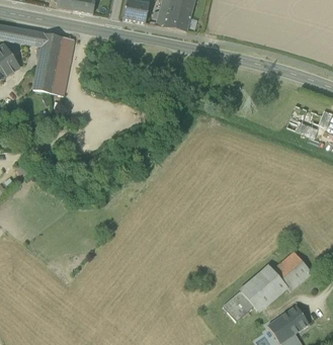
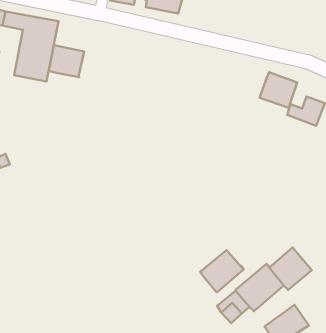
building: none -> [49,45,84,77]
building: none -> [260,72,297,108]
building: none -> [200,250,244,292]

